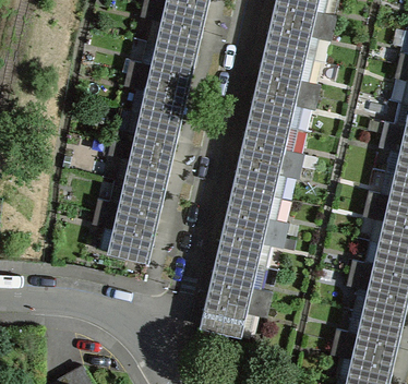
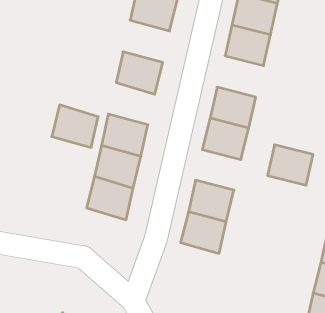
building: [146,46,197,93] -> none
building: [250,85,301,131] -> none
building: [130,115,181,161] -> [52,105,98,147]
building: [226,189,276,233] -> [268,145,313,185]
building: [202,291,252,337] -> none

